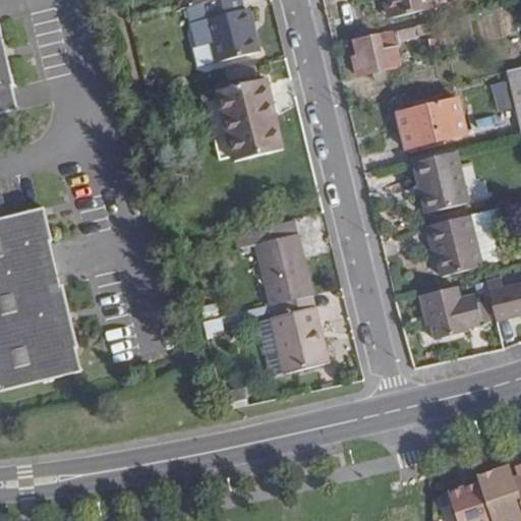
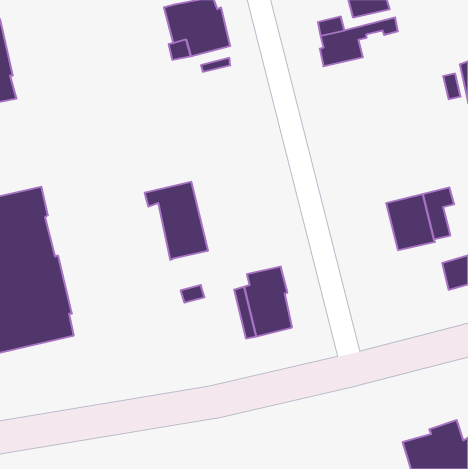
building: [216,78,282,159] -> none
building: [396,99,467,148] -> none
building: [412,151,466,214] -> none
building: [240,219,310,305] -> [145,182,208,260]
building: [416,286,479,339] -> none

